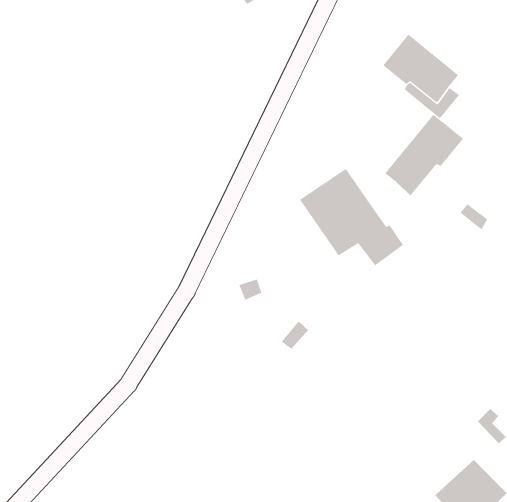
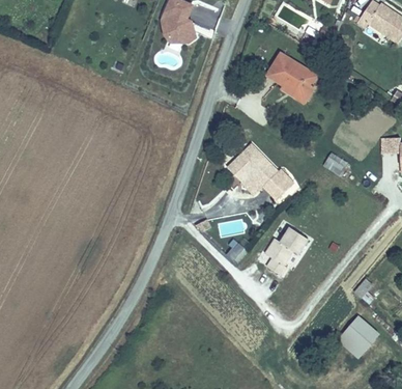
building: [385,114,464,196] -> none
building: none -> [268,229,306,275]

